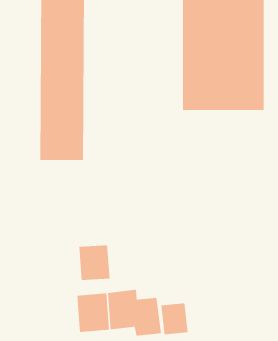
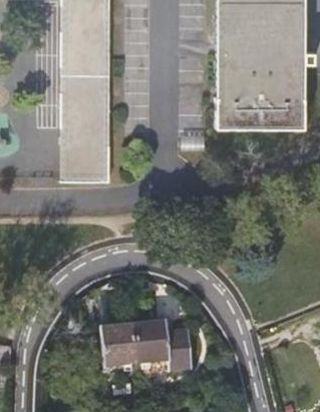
building: [79,245,110,281] -> none
building: [161,303,188,335] -> none

